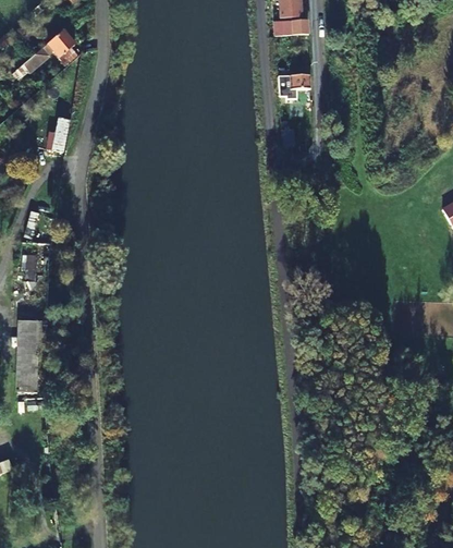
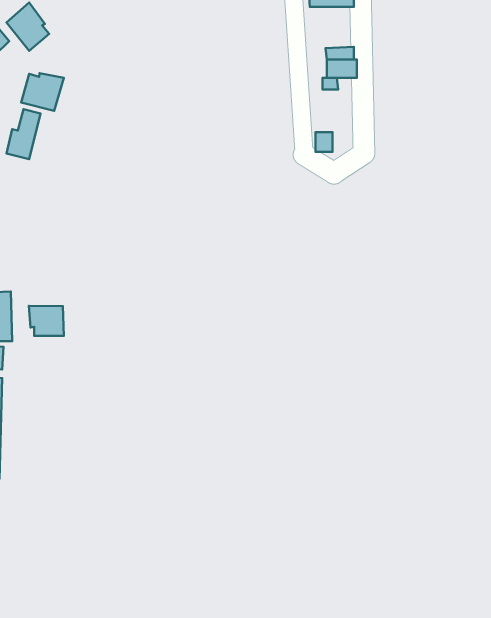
building: none -> [21,73,64,111]
building: none -> [29,306,64,336]

